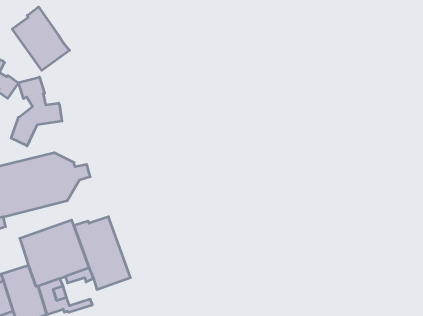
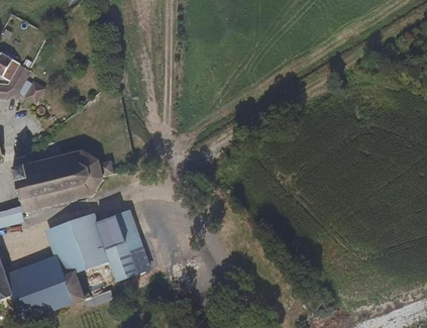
building: [12,7,70,70] -> none
building: [11,77,62,146] -> none

